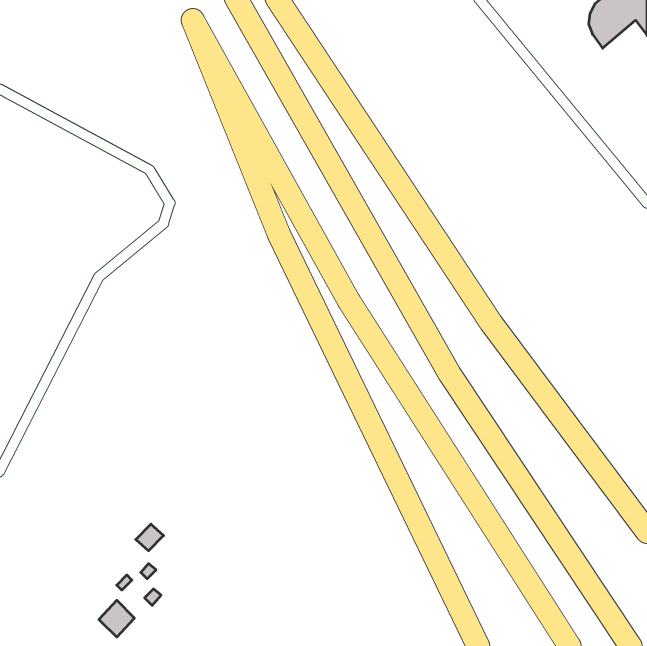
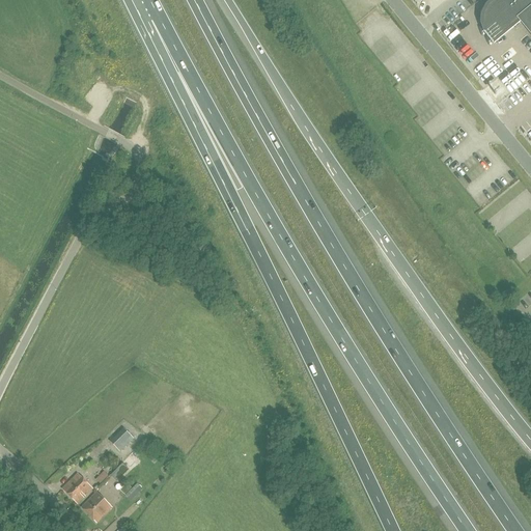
building: none -> [61,472,91,502]

